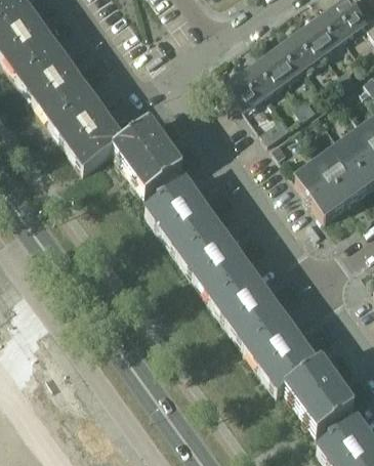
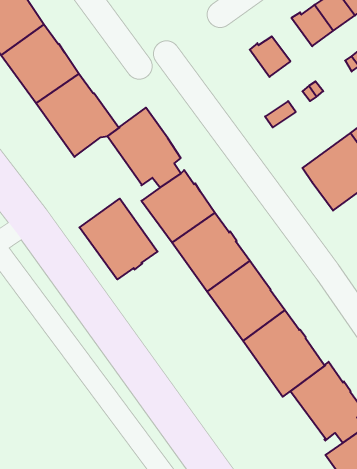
building: [269,36,307,77] -> none
building: [230,66,267,105] -> none
building: none -> [79,199,158,279]

